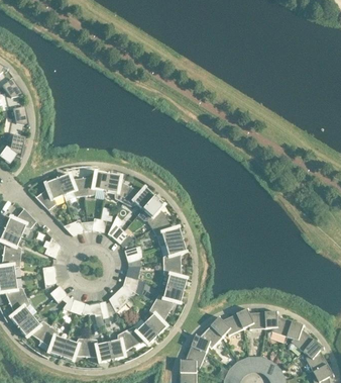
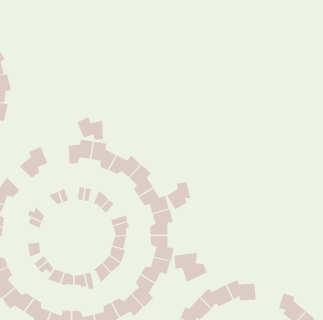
building: [56,173,84,196] -> [76,116,104,140]
building: none -> [166,182,191,210]
building: none -> [173,252,207,283]
building: [265,310,293,336] -> none

